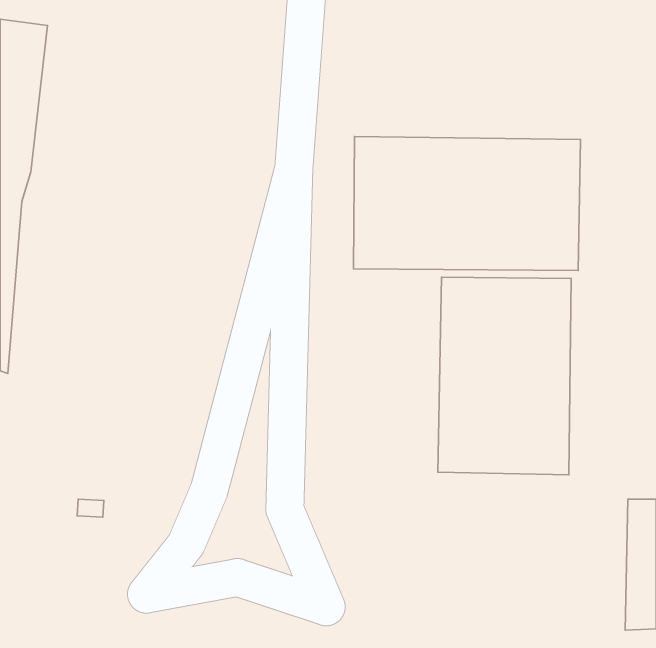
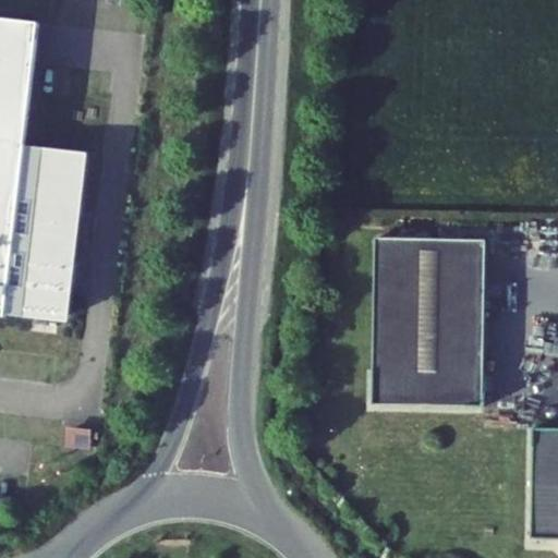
building: [354,137,580,270] -> none
building: none -> [11,150,92,331]

